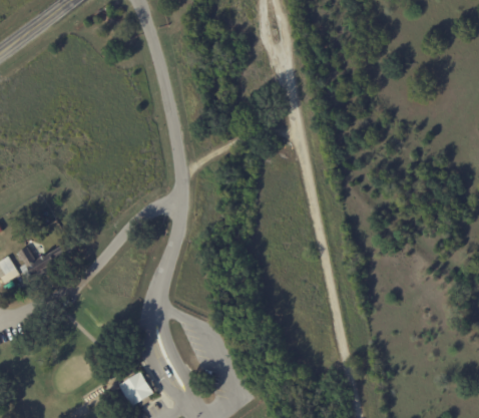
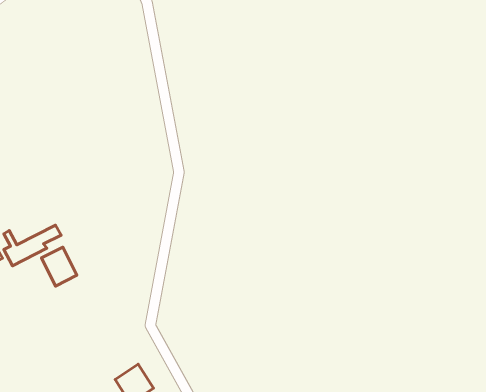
building: none -> [42,247,77,286]

